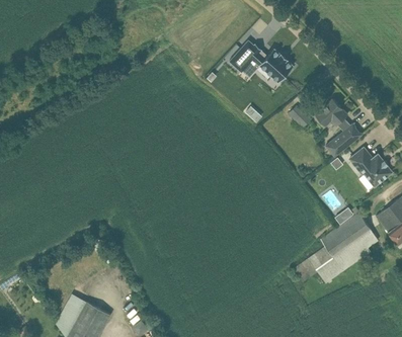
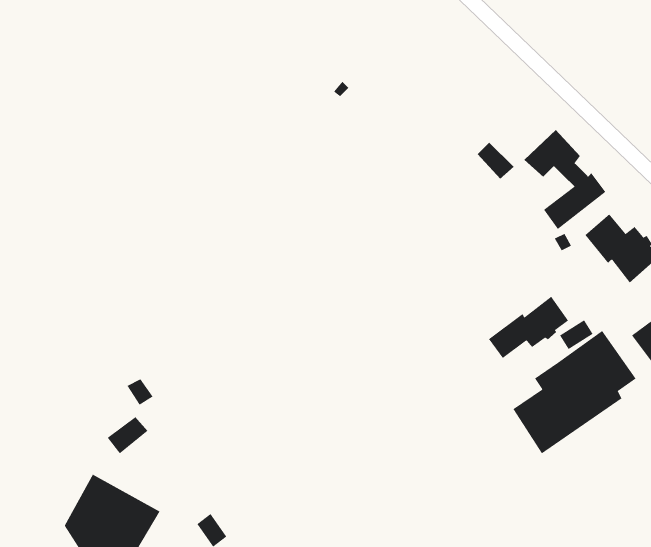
building: [229,40,293,82] -> none
building: none -> [488,296,569,359]

